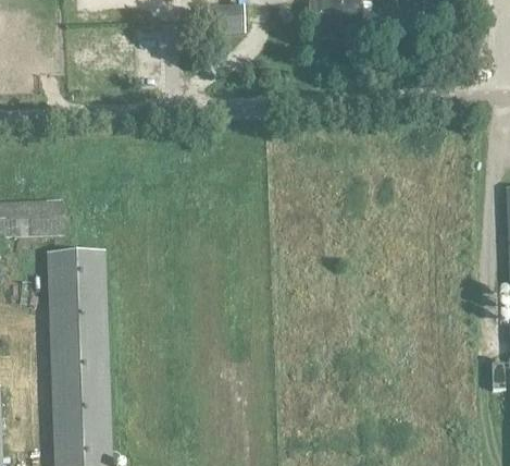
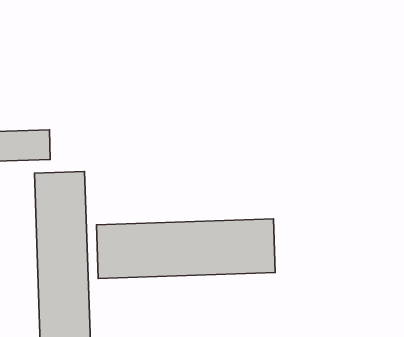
building: none -> [96,219,275,279]

